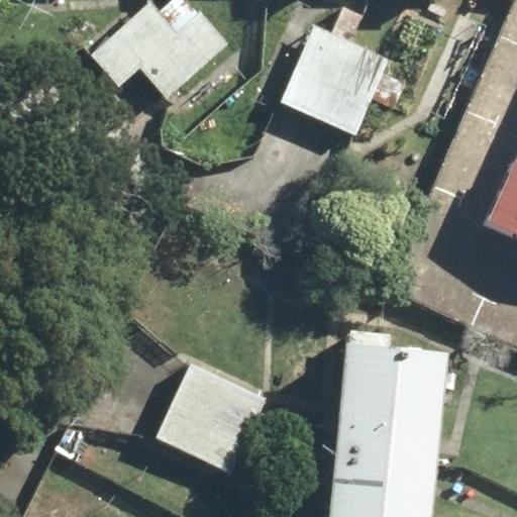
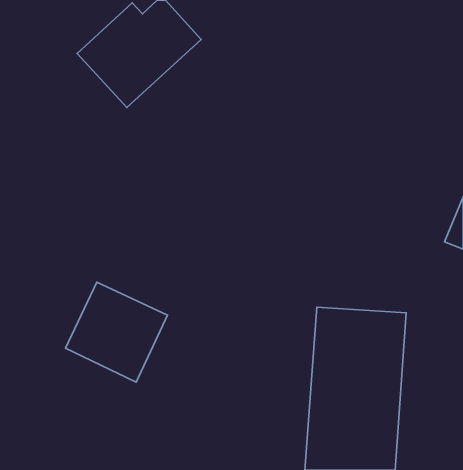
building: [280,30,385,133] -> none
building: [153,363,266,473] -> [65,282,167,382]

